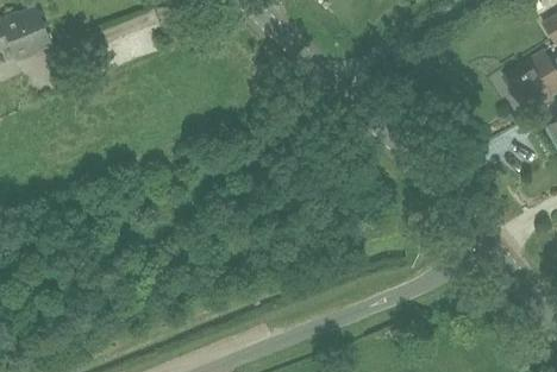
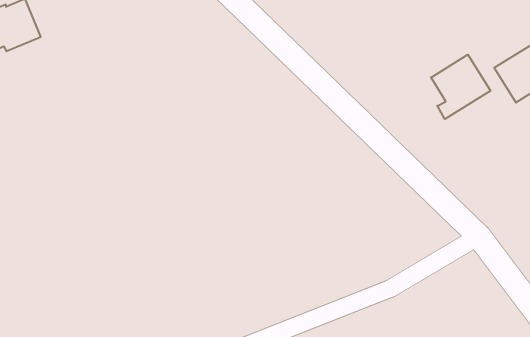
building: none -> [431,55,490,119]

